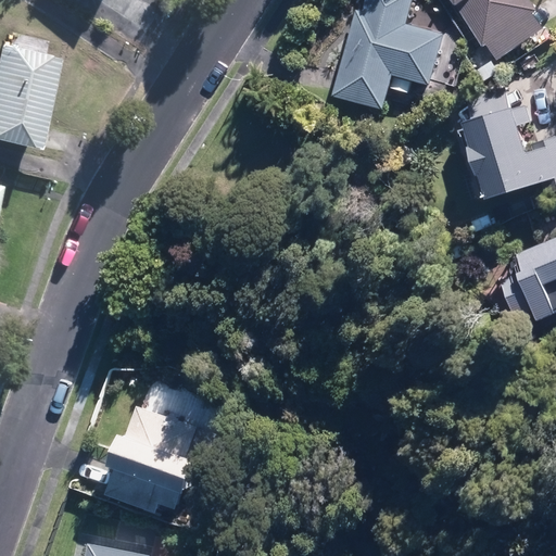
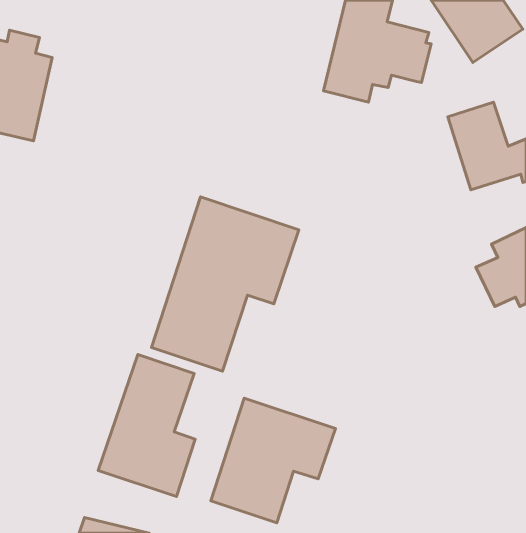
building: none -> [152,197,299,371]
building: none -> [211,398,335,523]

